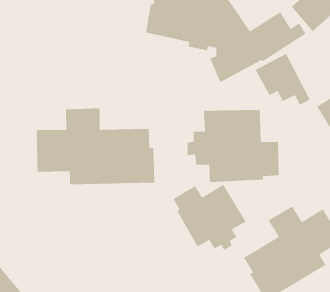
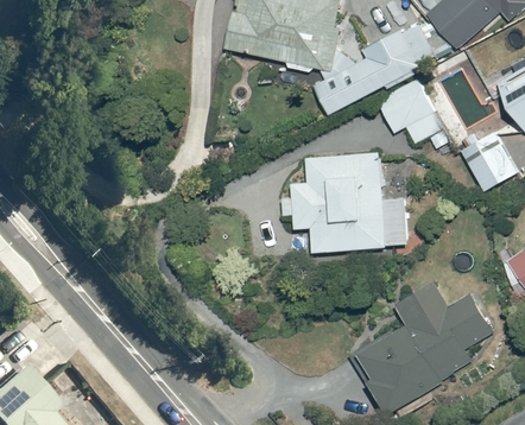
building: [36,108,155,185] -> none
building: [173,184,247,251] -> none

